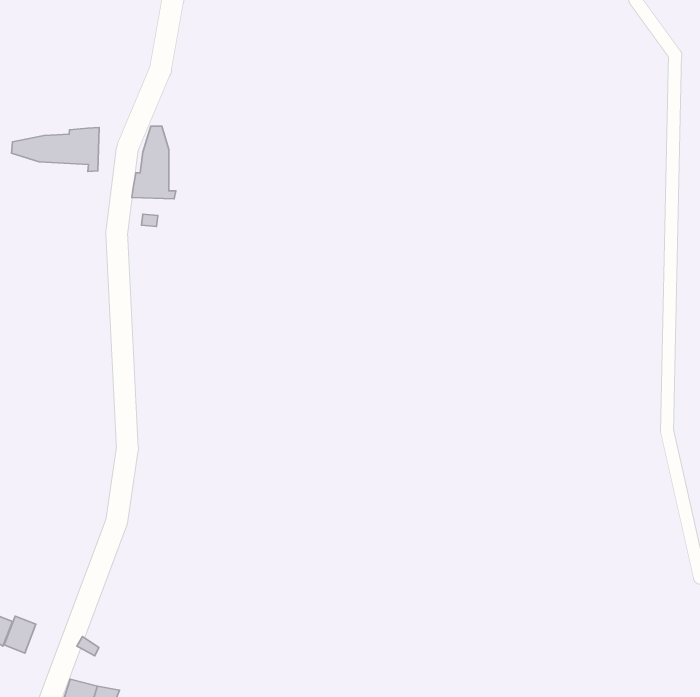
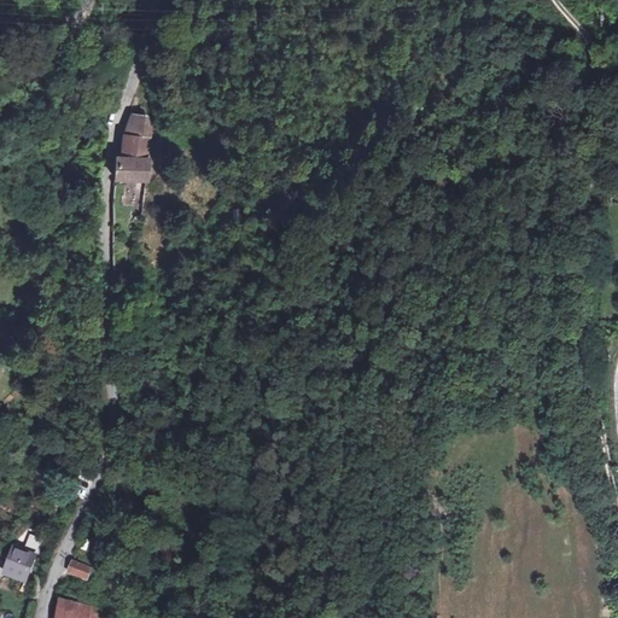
building: [12,128,99,172] -> none

